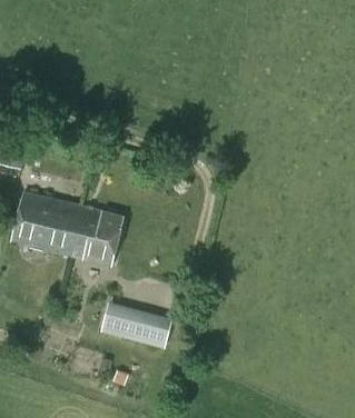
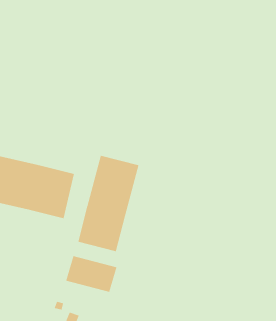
building: none -> [77,155,139,252]

